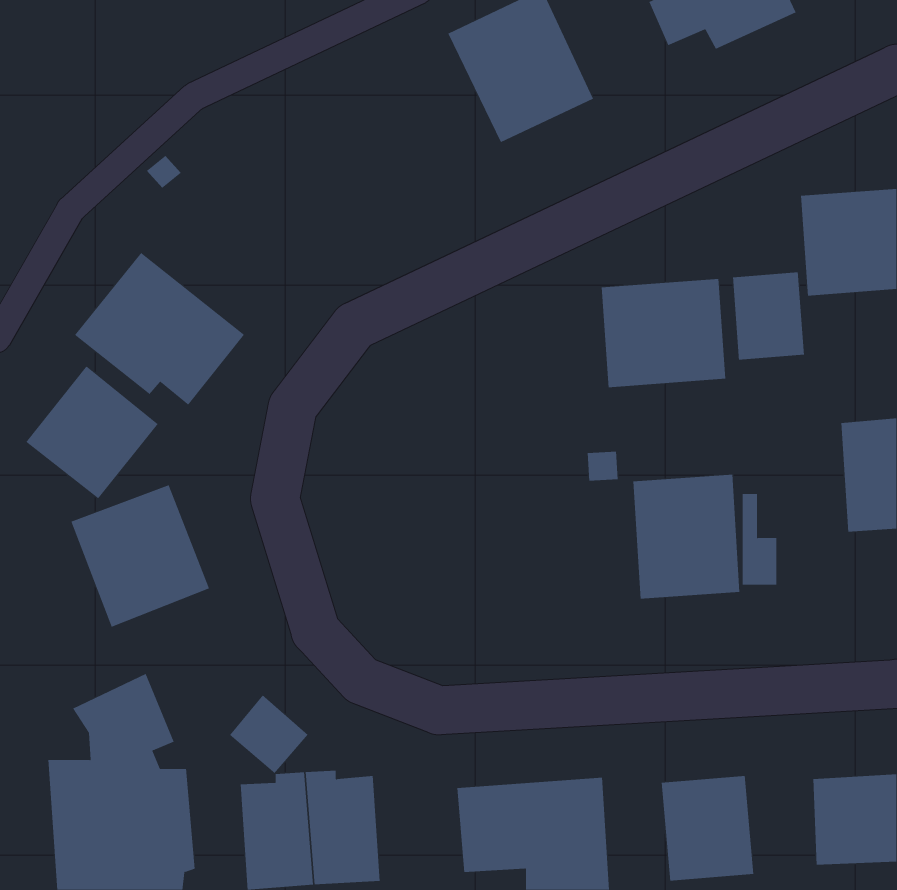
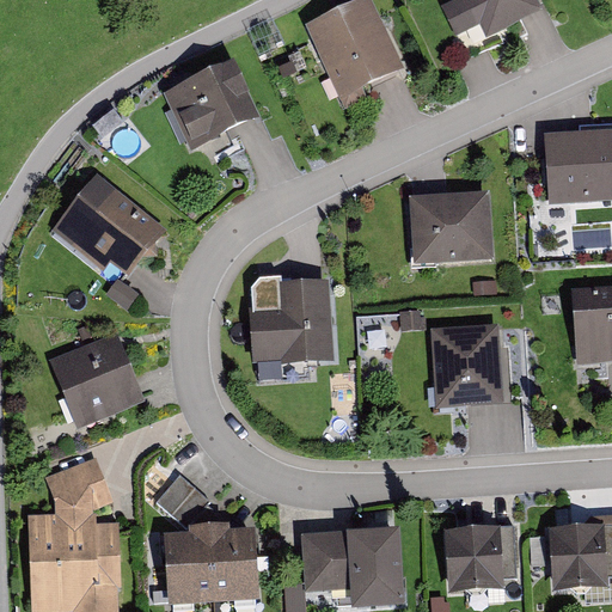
building: none -> [163,59,258,147]
building: [732,271,805,360] -> none
building: [26,366,159,499] -> none
building: none -> [247,280,331,361]

